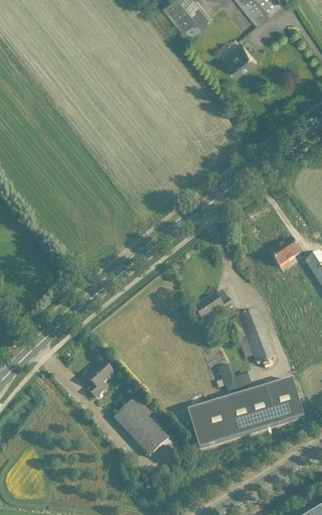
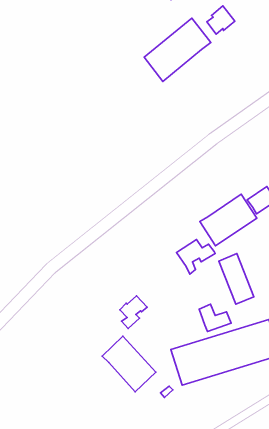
building: none -> [144,18,211,81]
building: none -> [200,194,257,246]
building: [85,361,114,396] -> [120,296,147,329]

